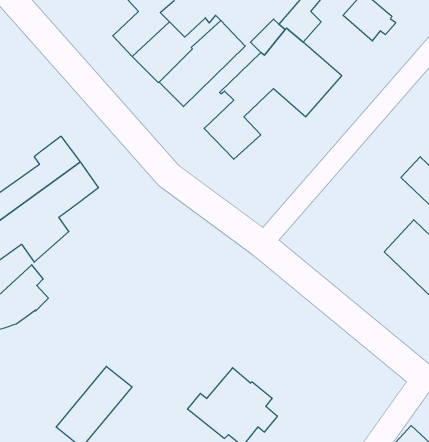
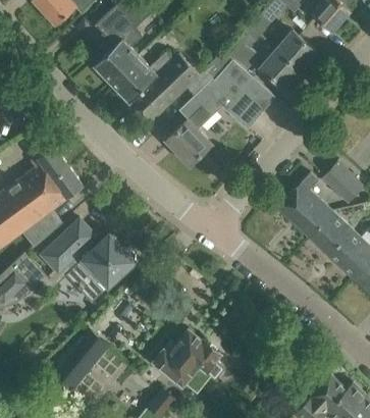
building: none -> [260,50,300,89]
building: none -> [277,173,332,238]
building: none -> [40,217,136,303]

